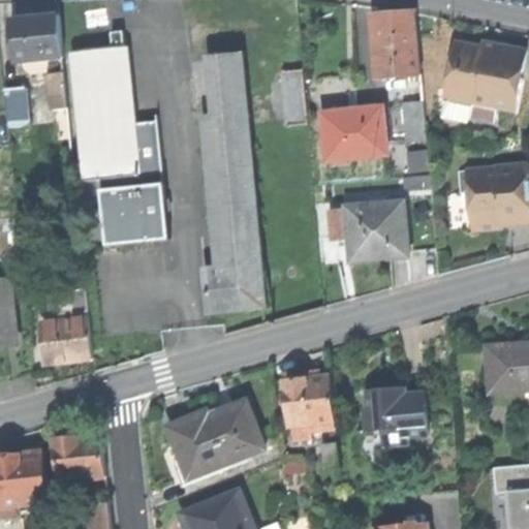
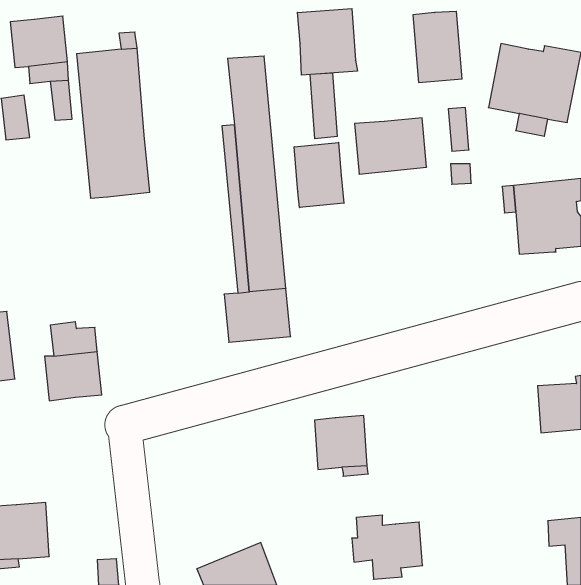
building: none -> [297,9,357,75]
building: [97,120,165,241] -> none
building: none -> [294,142,344,208]
building: [344,200,404,259] -> none
building: [363,386,427,444] -> [352,515,423,579]
building: [164,399,262,477] -> none
building: [53,436,102,481] -> none

